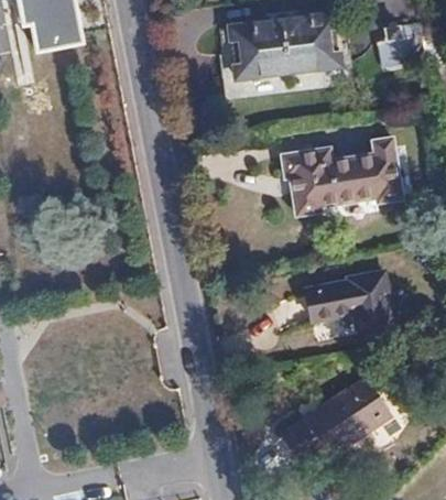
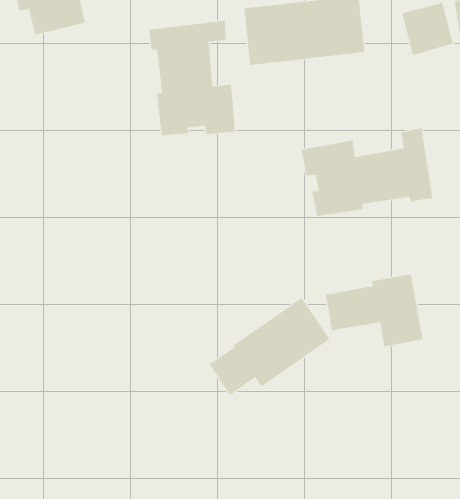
building: none -> [149,20,235,136]
building: [282,376,392,465] -> [209,297,330,396]

